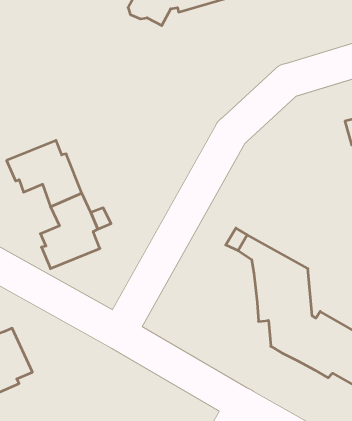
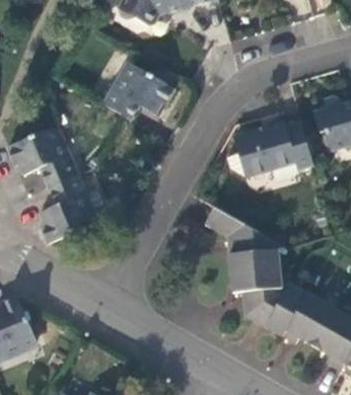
building: none -> [102,64,173,120]
building: none -> [222,121,311,176]

